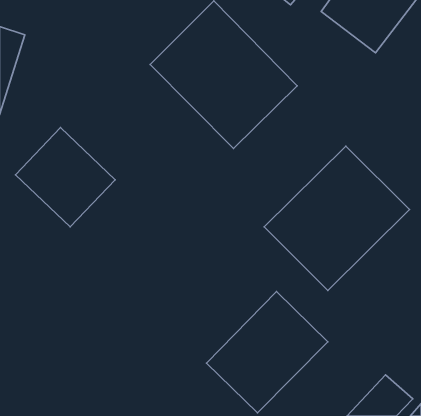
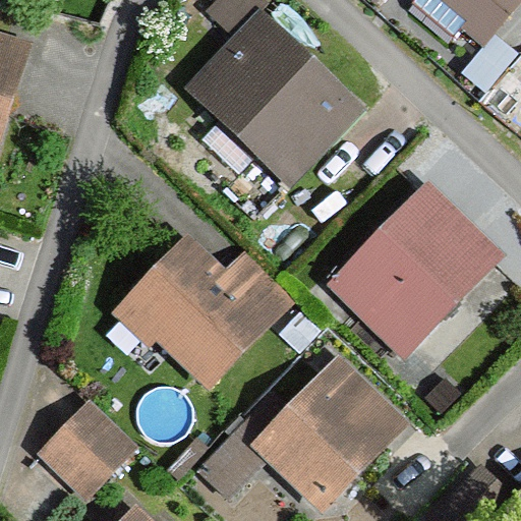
building: [15,128,115,227] -> none
building: none -> [114,242,289,393]
building: none -> [43,407,133,498]

